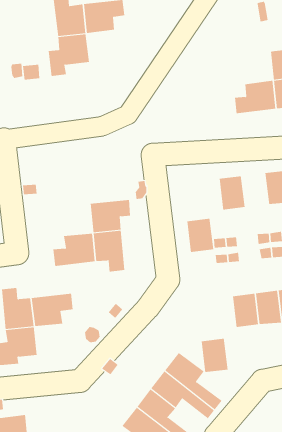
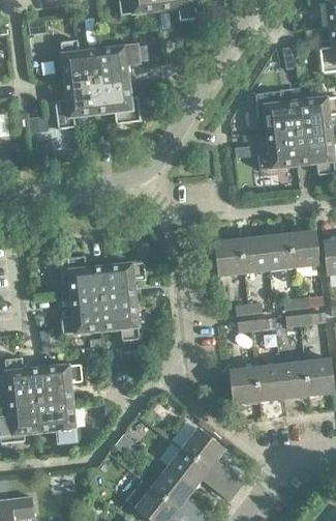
building: none -> [97,78,141,123]
building: none -> [255,91,300,137]
building: none -> [266,233,295,270]
building: none -> [61,256,104,301]
building: [186,218,214,253] -> [215,239,245,277]
building: none -> [41,397,77,442]
building: [201,338,228,373] -> [230,367,259,404]

